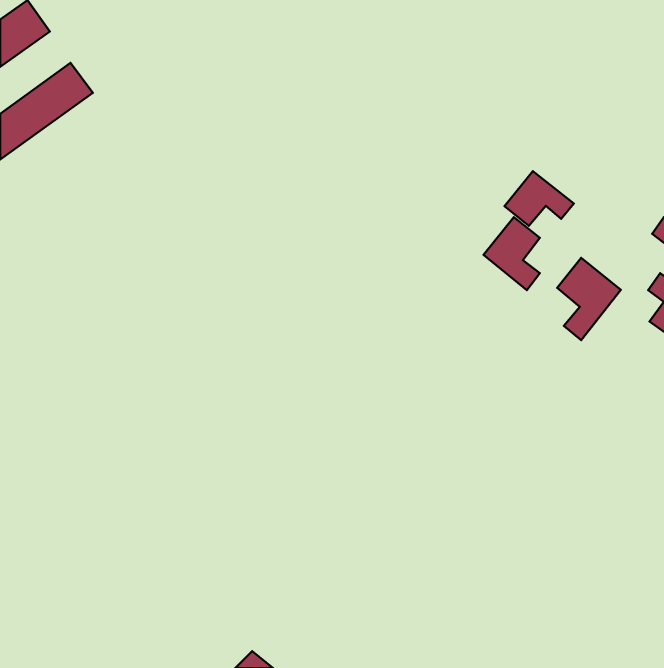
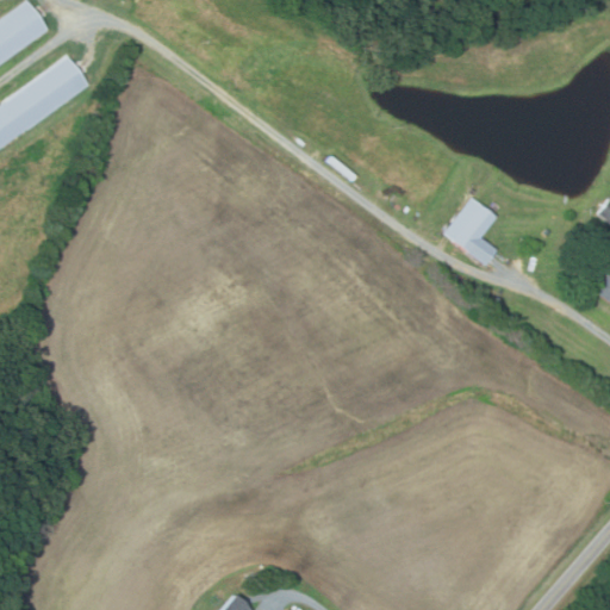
building: [505,171,574,226] -> none
building: [557,258,621,340] -> none

